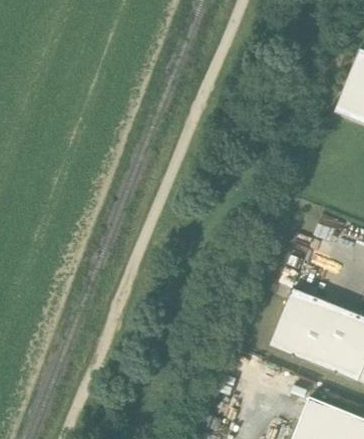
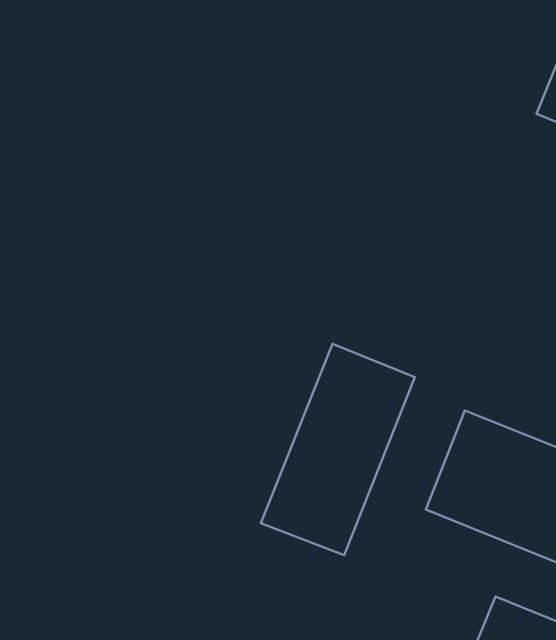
building: none -> [261,344,415,555]

